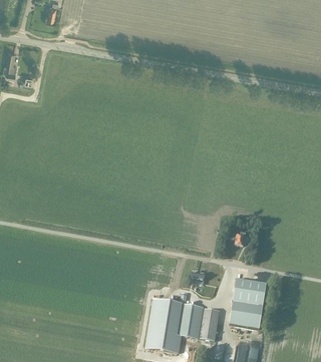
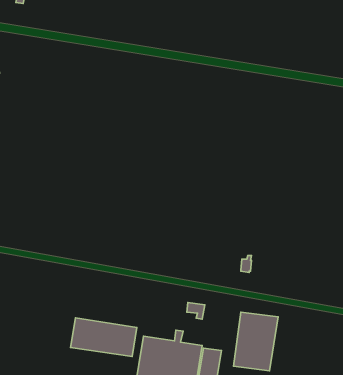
building: none -> [71,318,137,356]

